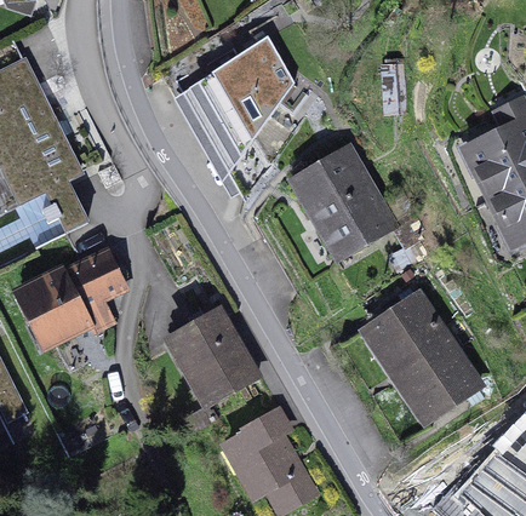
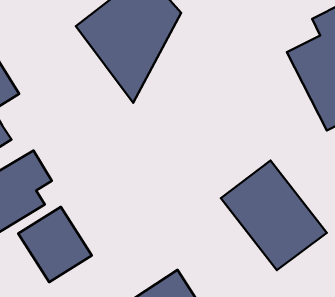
building: [282,147,401,275] -> none
building: [158,304,252,402] -> [18,207,92,282]

